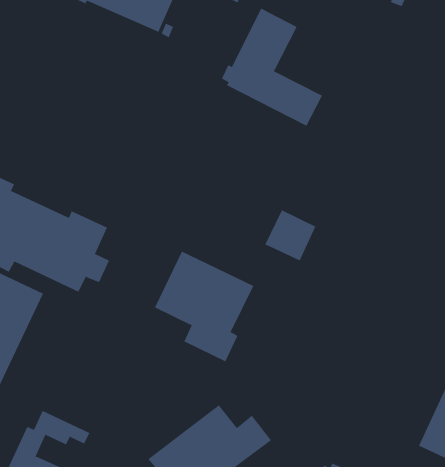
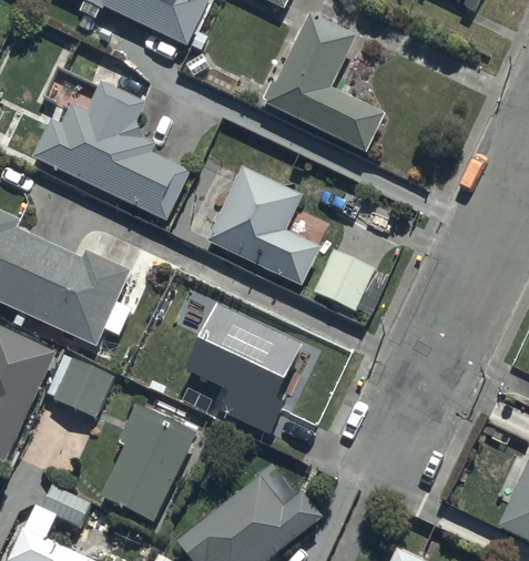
building: none -> [34,83,190,222]
building: none -> [205,167,322,287]
building: none -> [47,356,116,418]
building: none -> [100,405,196,522]

